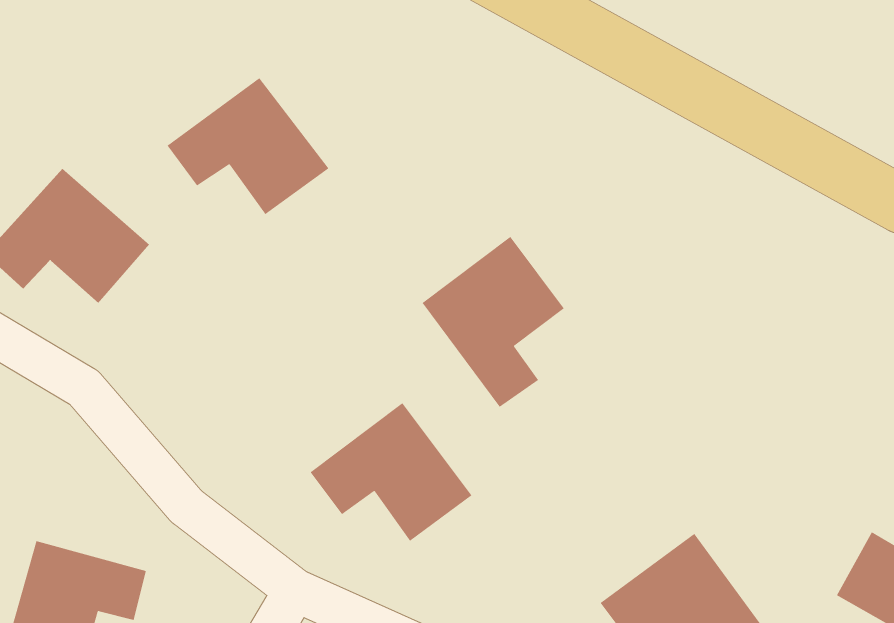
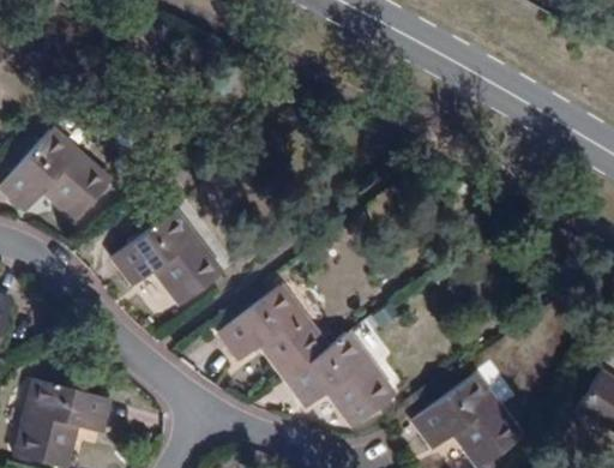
building: [167,77,329,215] -> [114,211,223,304]
building: [421,236,565,408] -> none
building: none -> [285,332,395,427]

